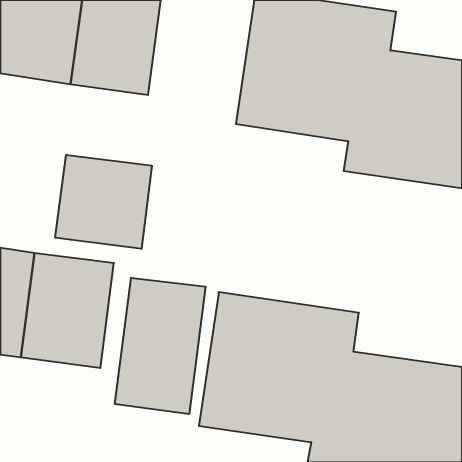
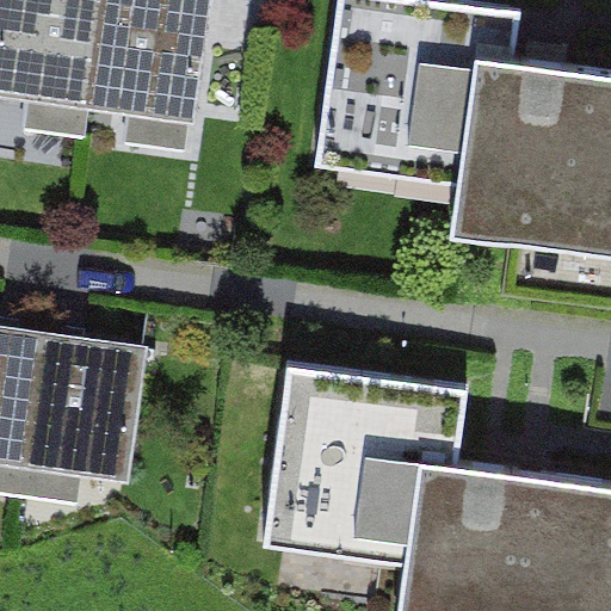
building: [55,155,152,249] -> none
building: [115,278,206,414] -> none

